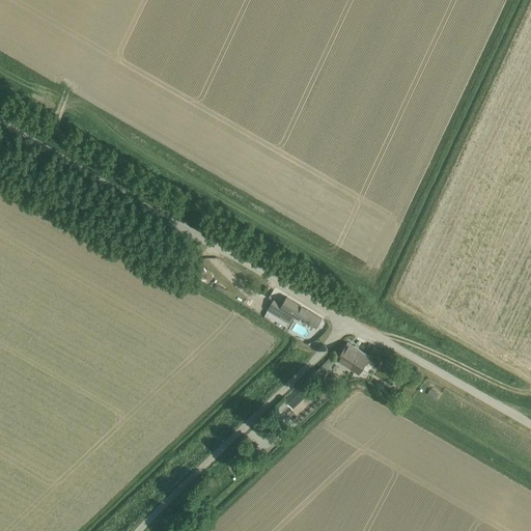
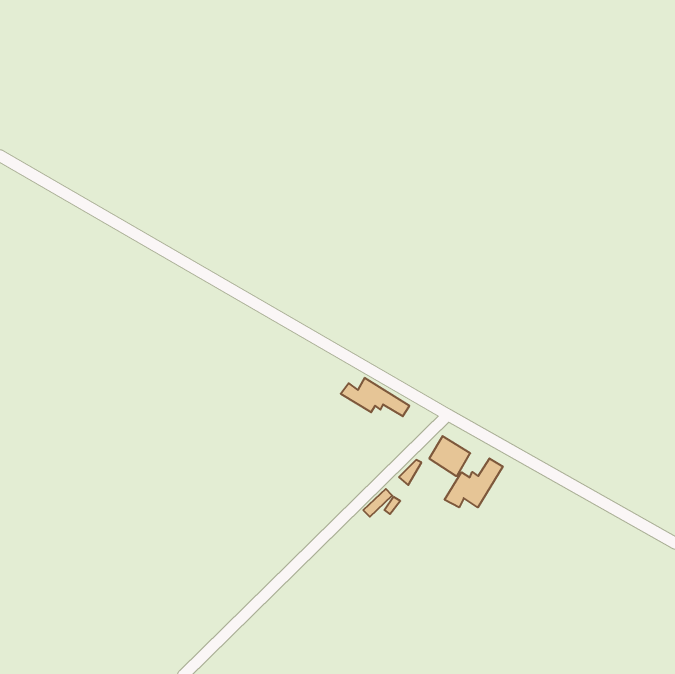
building: none -> [445,458,503,507]

